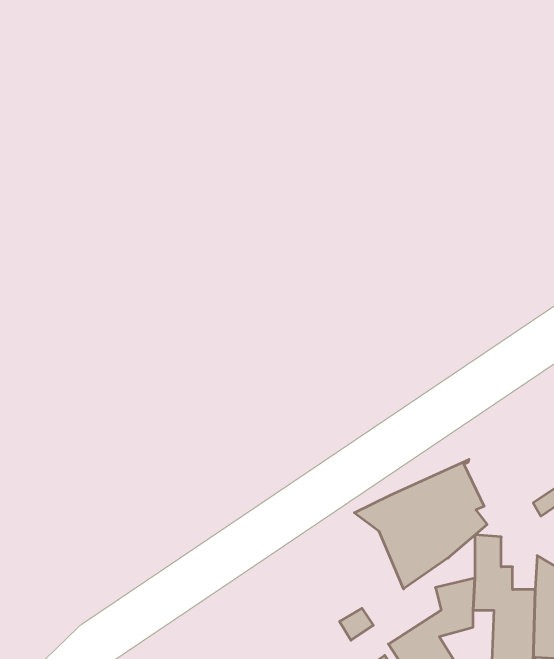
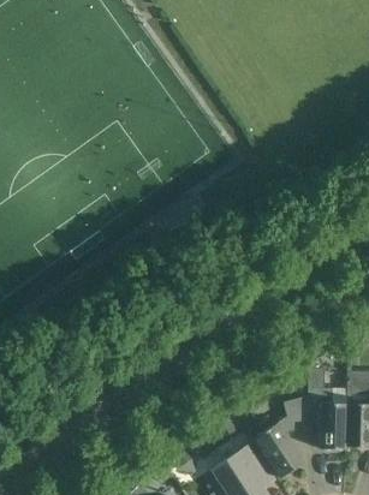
building: [354,459,487,589] -> none

